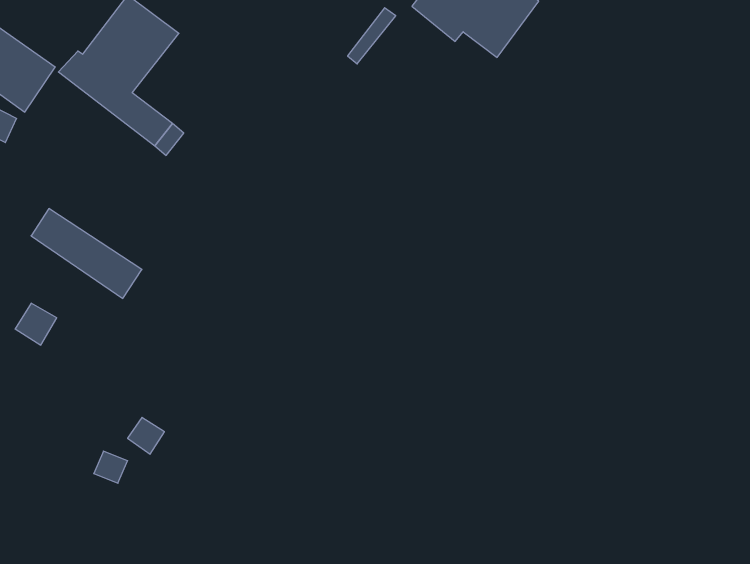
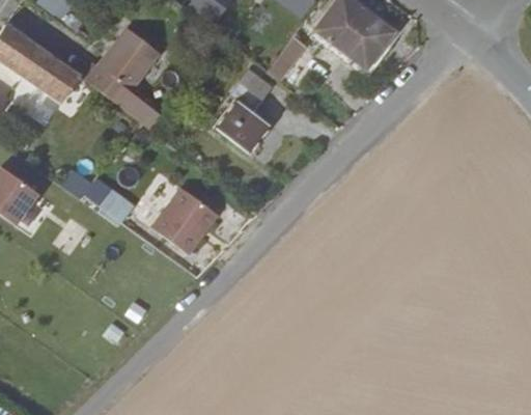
building: none -> [214,70,271,154]
building: none -> [151,184,222,254]

